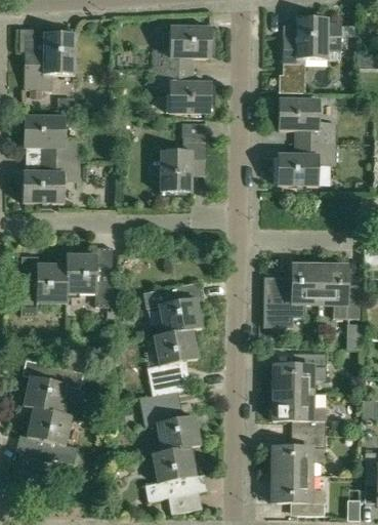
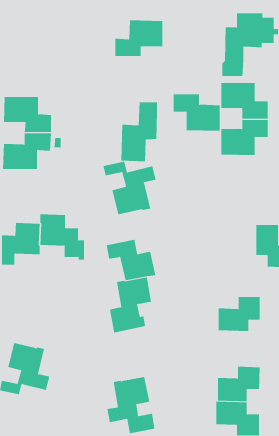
building: [24,32,76,89] -> none
building: [154,69,210,113] -> [173,94,221,131]
building: none -> [103,161,156,215]
building: [264,265,320,327] -> none
building: [25,364,84,412] -> none
building: [138,387,199,451] -> none
building: [274,392,326,435] -> none

